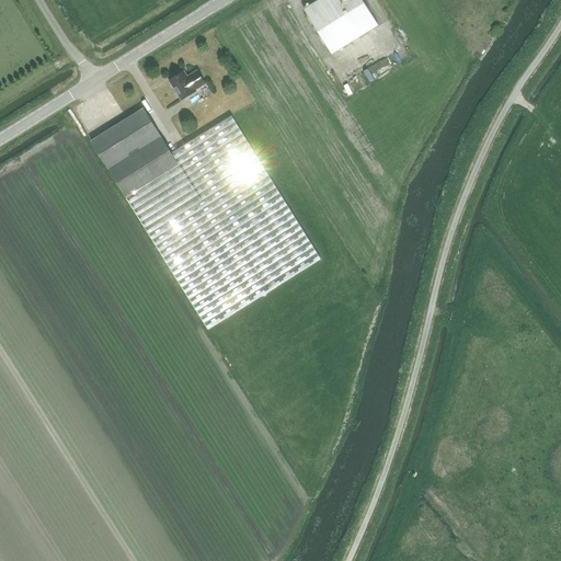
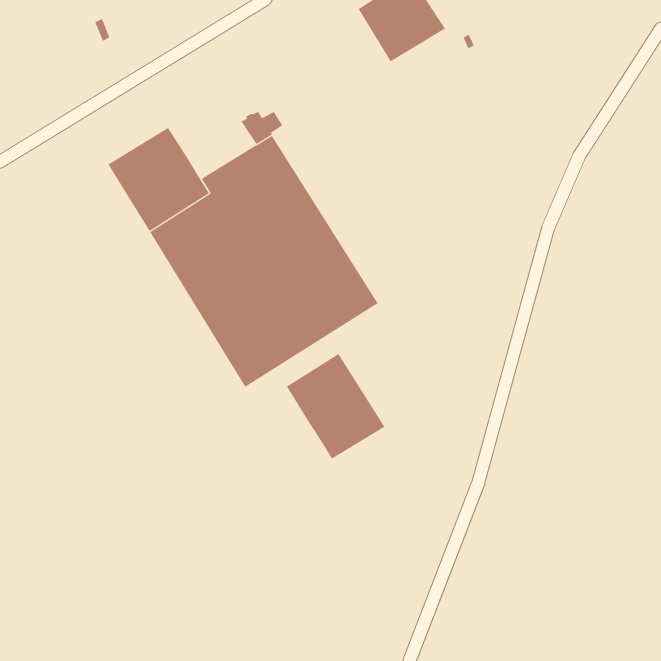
building: [168,70,204,99] -> [241,111,283,145]
building: none -> [286,353,385,459]

